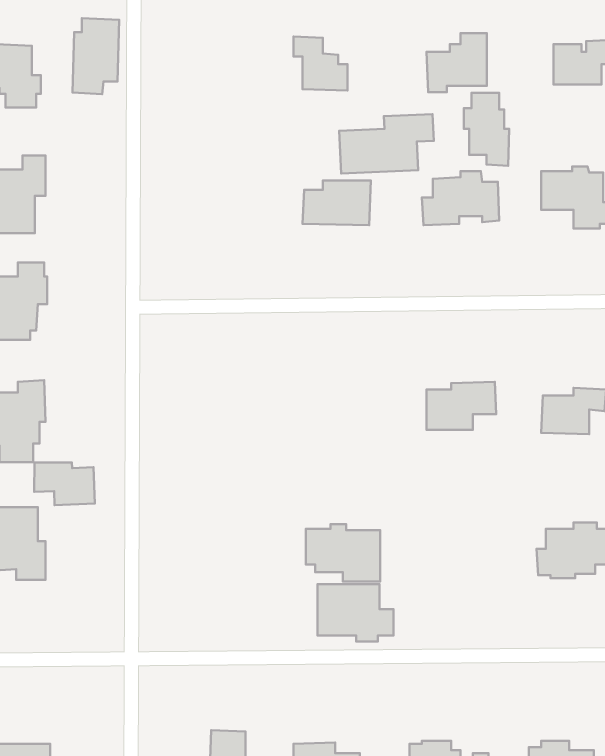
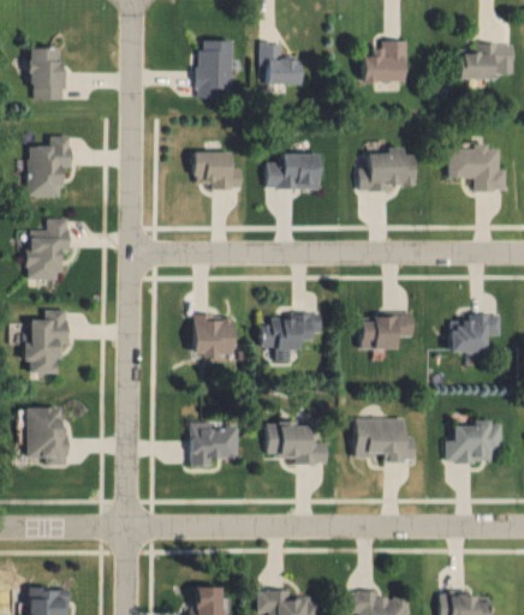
building: [73,18,119,94] -> [192,35,228,94]
building: [464,93,509,166] -> none
building: [339,114,434,174] -> none
building: none -> [191,147,239,185]
building: none -> [190,314,232,358]
building: none -> [261,314,322,362]
building: [34,462,95,505] -> none
building: none -> [190,423,238,468]
building: [317,584,393,642] -> [357,419,416,464]

